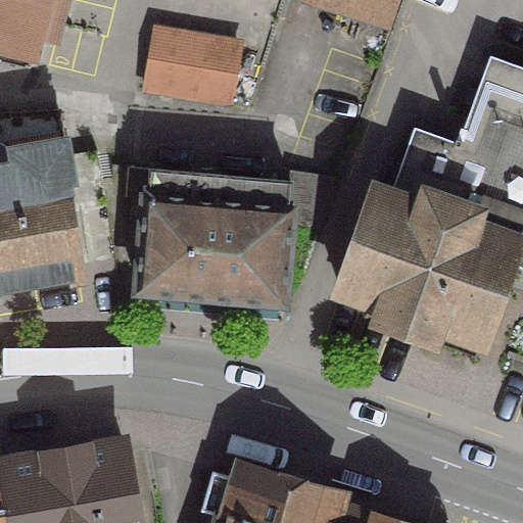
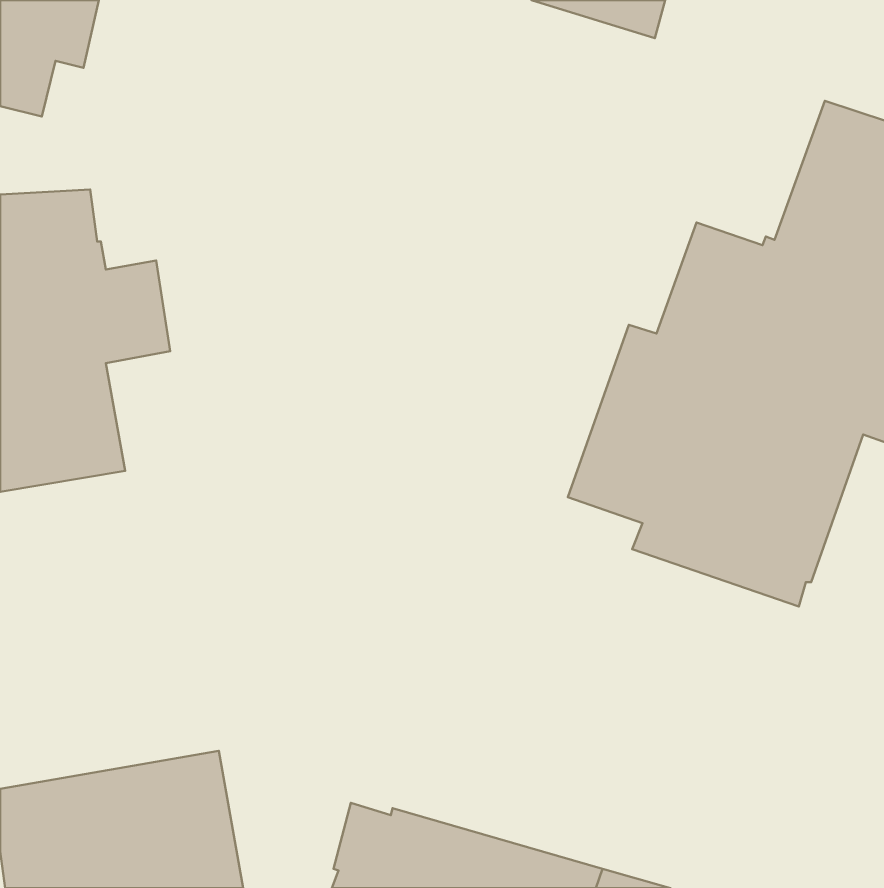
building: [143,31,235,105] -> none
building: [135,172,331,302] -> none

